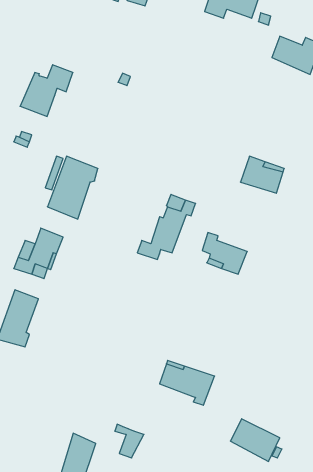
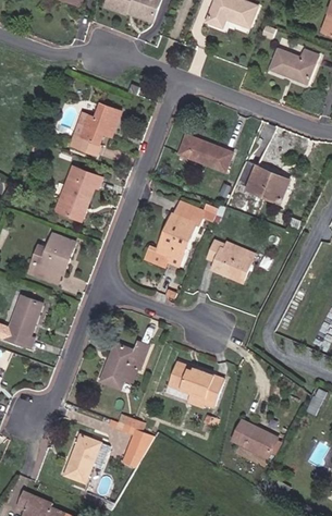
building: [20,65,73,116] -> [63,99,114,149]
building: none -> [179,133,234,174]
building: none -> [102,339,150,391]

